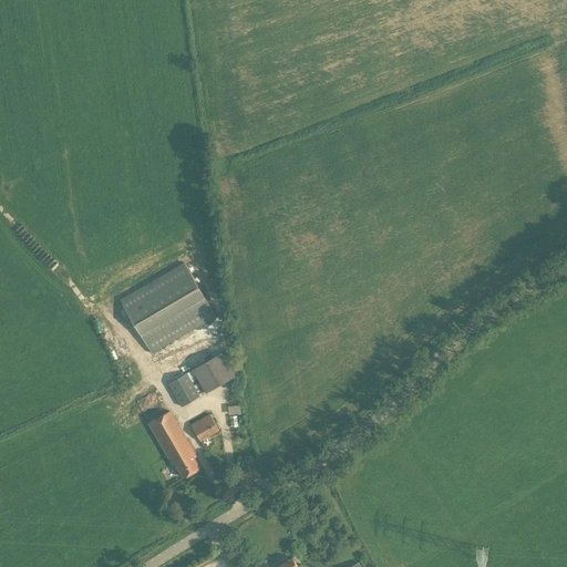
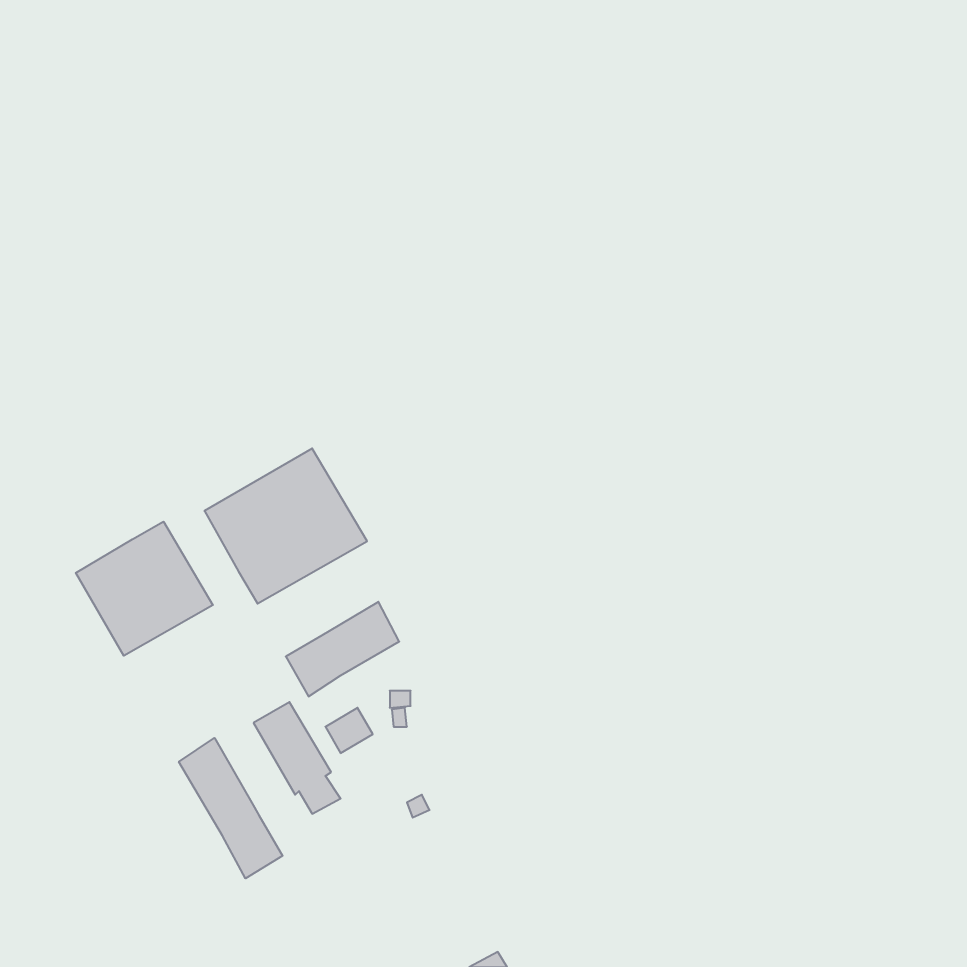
building: none -> [76,522,213,656]
building: none -> [179,738,283,878]

